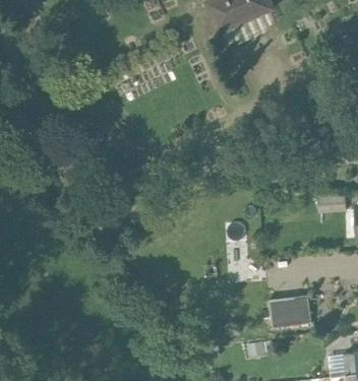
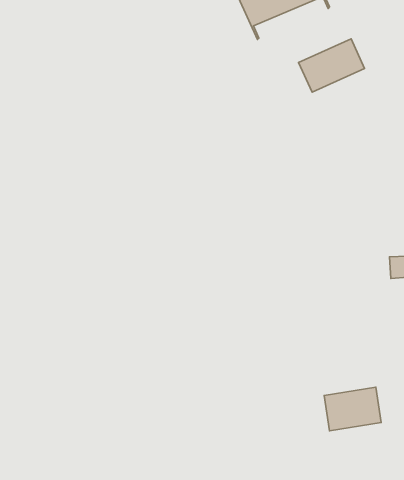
building: none -> [299,39,365,92]

